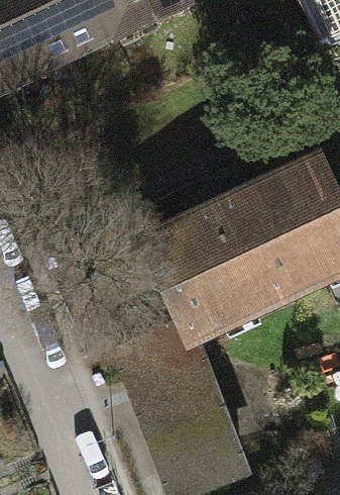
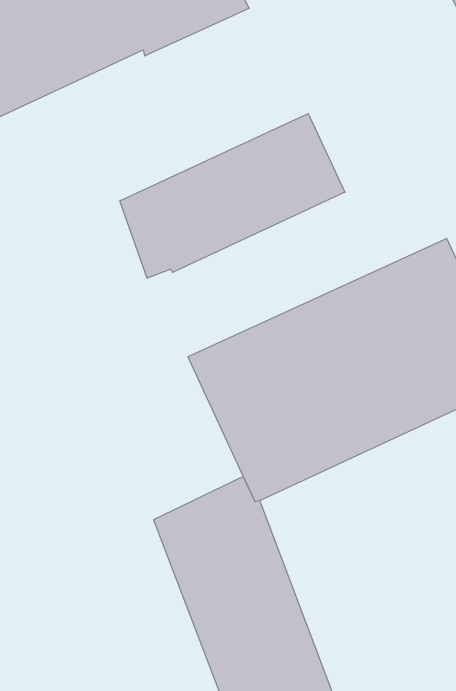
building: none -> [120,114,345,278]

